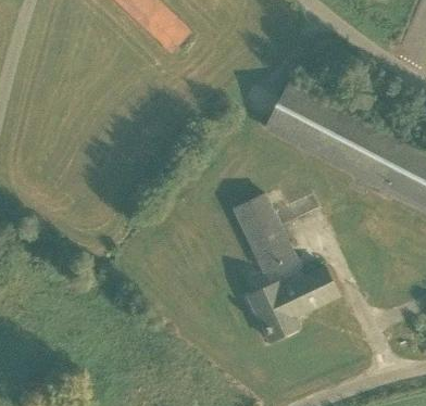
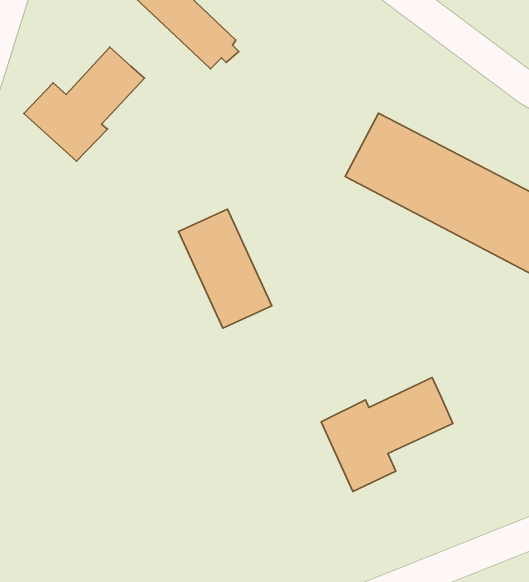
building: none -> [24,47,144,161]
building: [231,191,296,272] -> [178,209,272,328]

